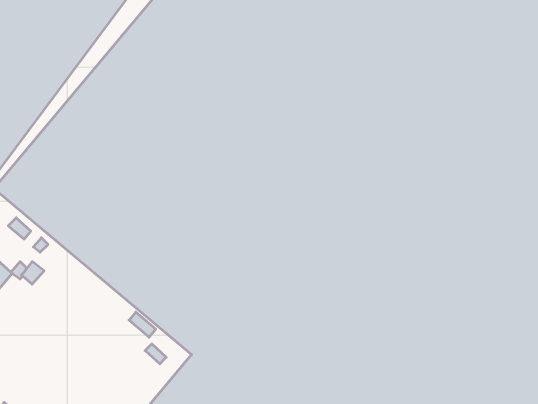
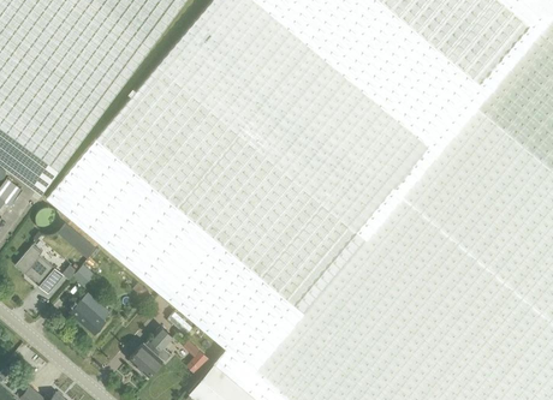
building: none -> [70,291,109,333]
building: none -> [129,326,172,375]

